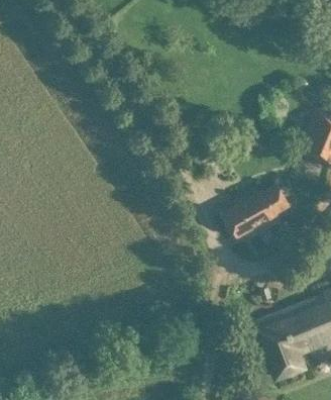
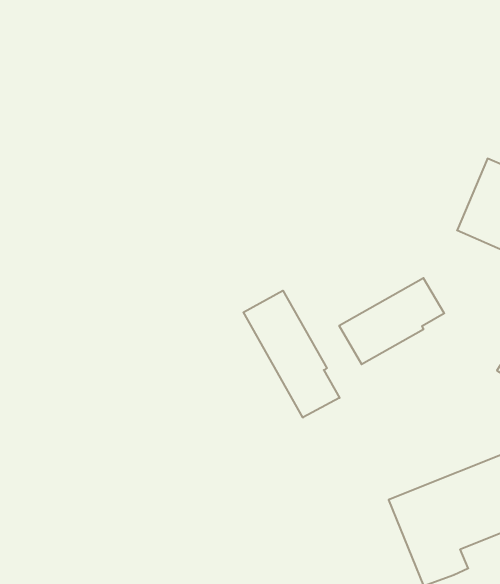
building: none -> [243,291,340,418]

